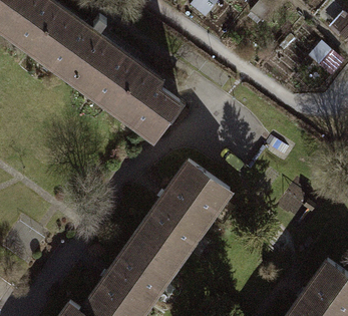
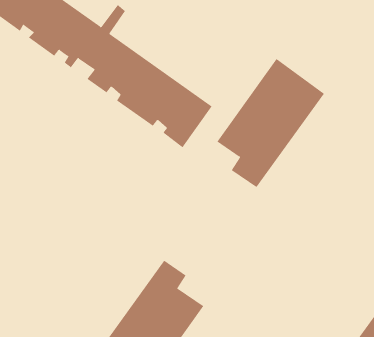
building: [139,162,231,271] -> [217,58,325,188]

